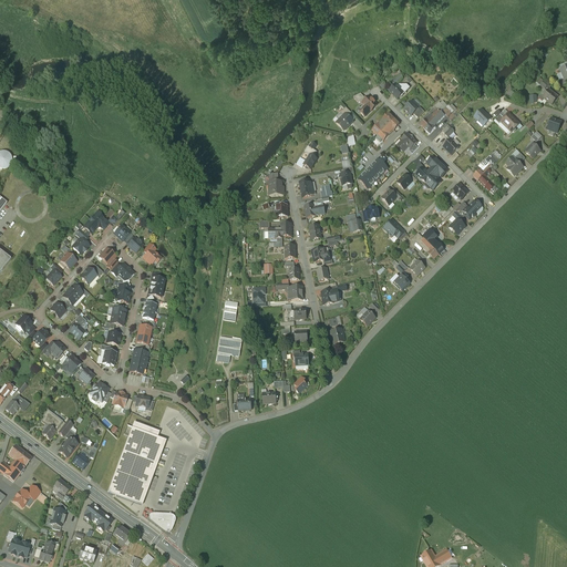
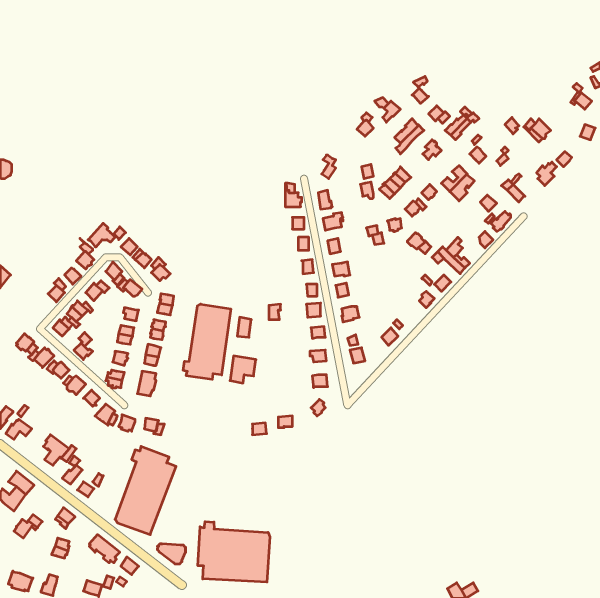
building: none -> [183,304,231,379]
building: none -> [198,522,270,582]

